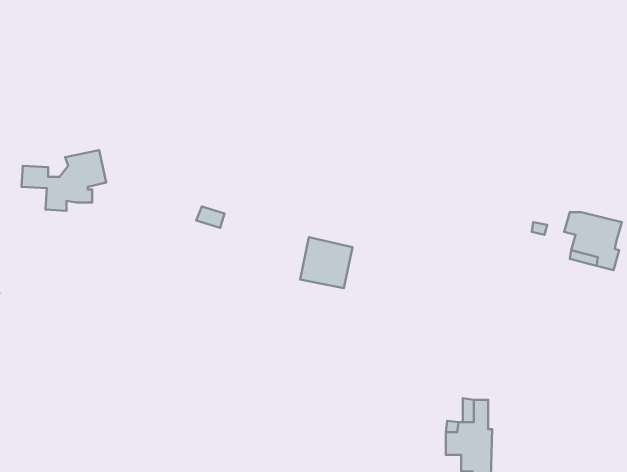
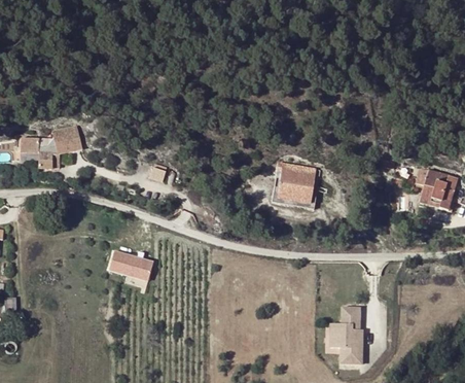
building: [300,237,352,288] -> [278,173,316,210]
building: none -> [109,250,153,280]

